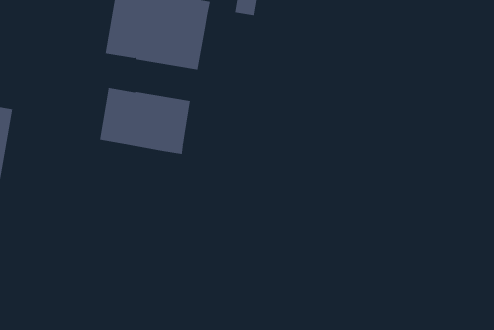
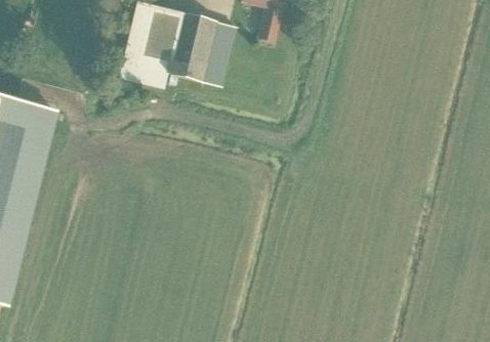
building: [99,87,191,155] -> none

